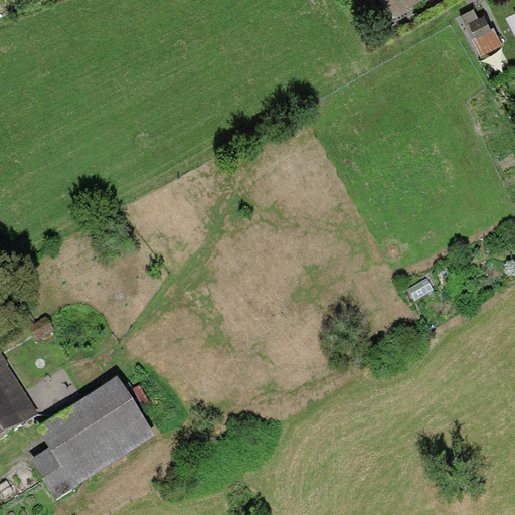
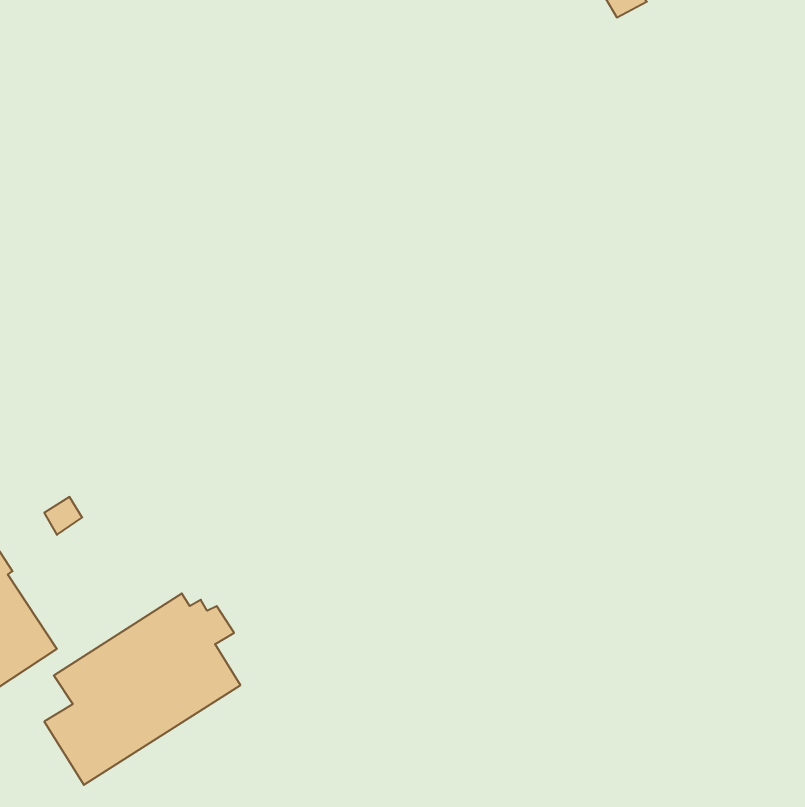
building: [458,5,500,52] -> none

